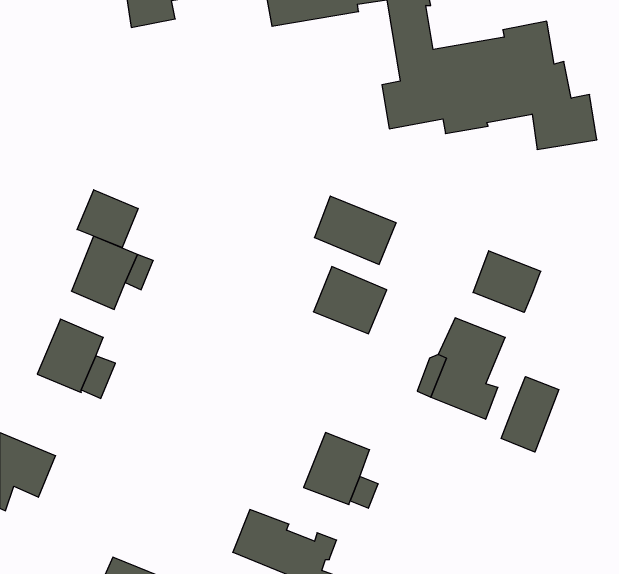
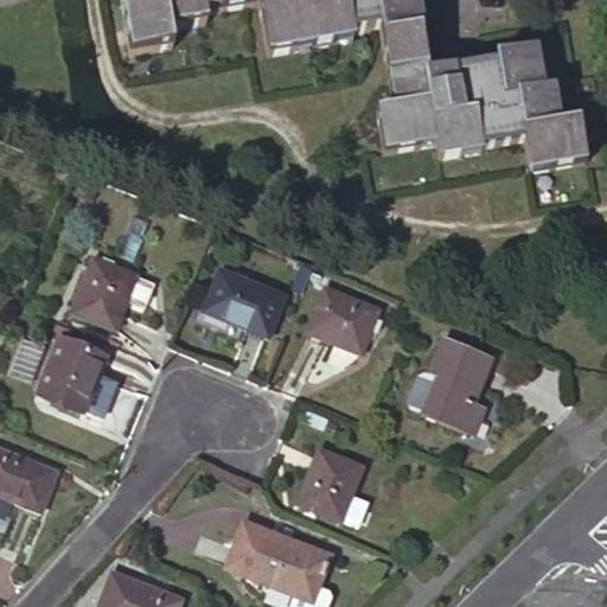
building: [77,190,138,248] -> none
building: [314,196,396,264] -> [206,267,286,333]
building: [473,251,541,312] -> none
building: [501,377,559,452] -> none

